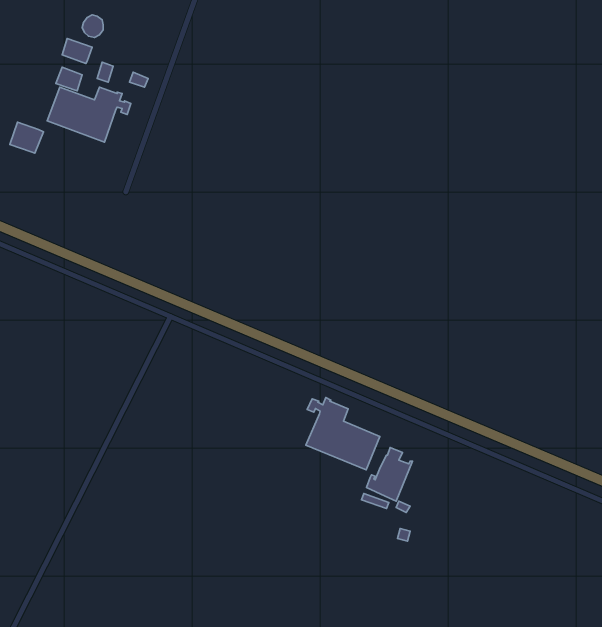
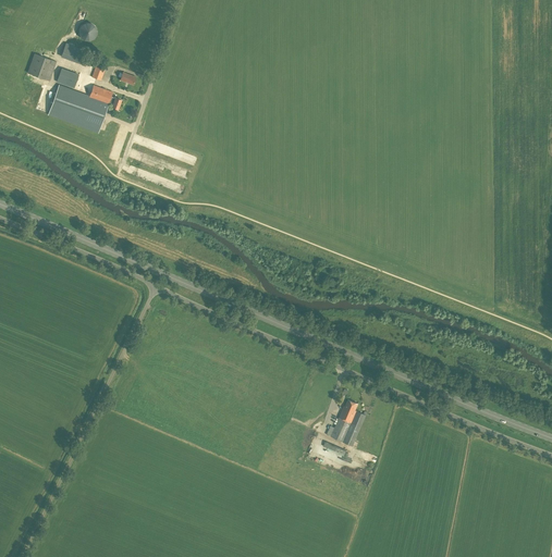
building: [10,122,44,153] -> [26,53,56,81]
building: [306,398,380,470] -> none

